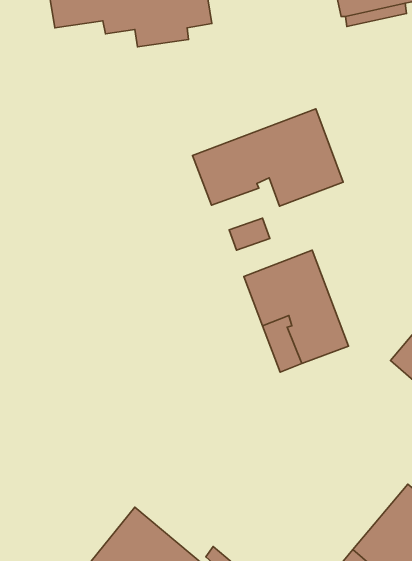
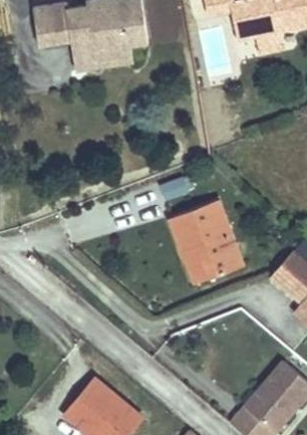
building: none -> [74,46,133,70]
building: [192,109,343,206] -> none

